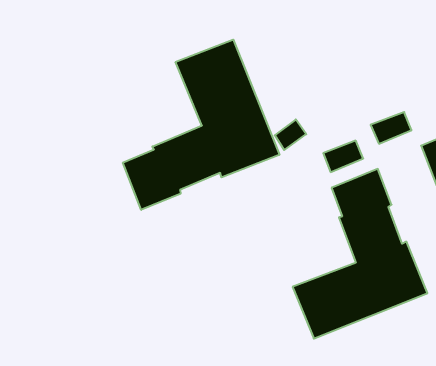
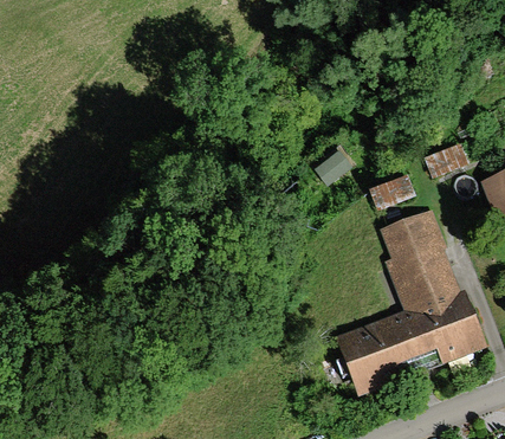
building: [123,40,279,210] -> none

